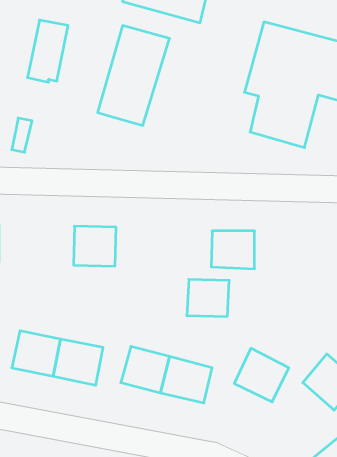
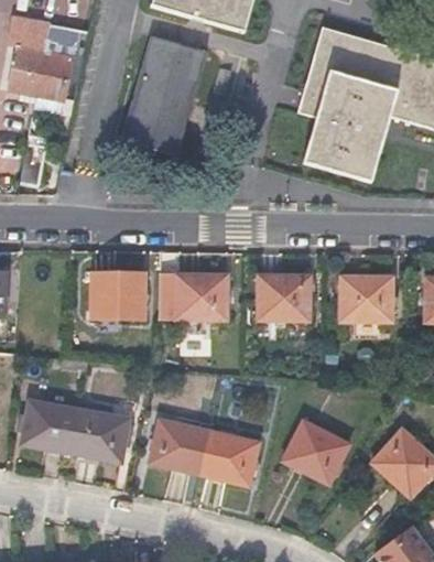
building: none -> [11,20,53,106]
building: none -> [339,279,391,324]
building: [187,279,229,316] -> [171,278,221,322]

